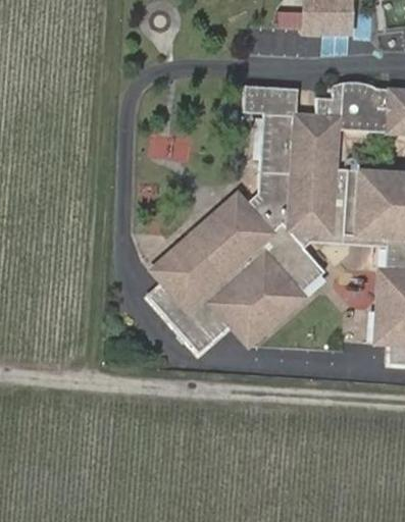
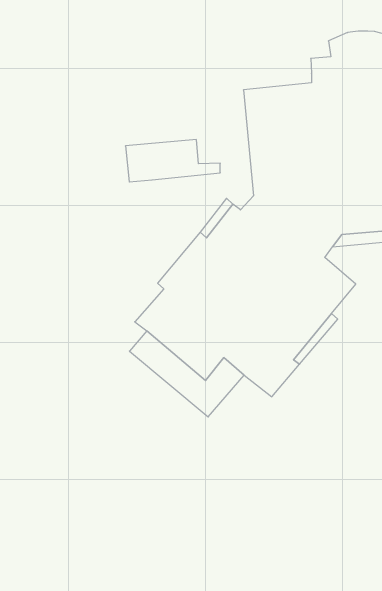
building: [245,85,315,115] -> [125,140,220,182]

